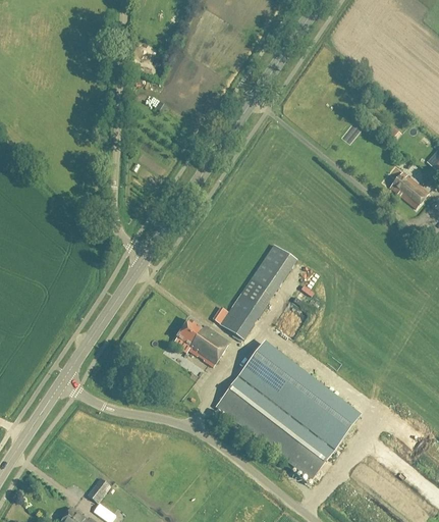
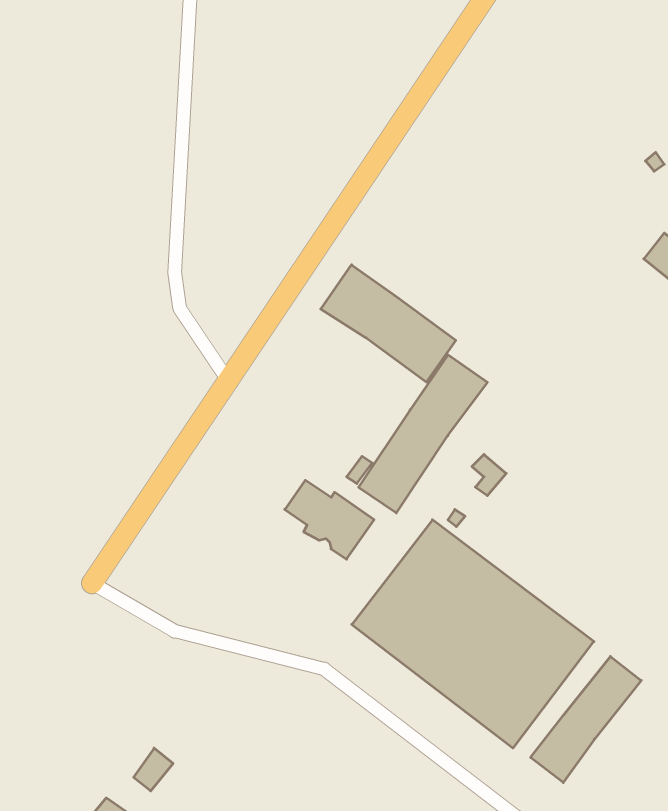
building: none -> [321,265,456,382]
building: none -> [531,656,641,783]

